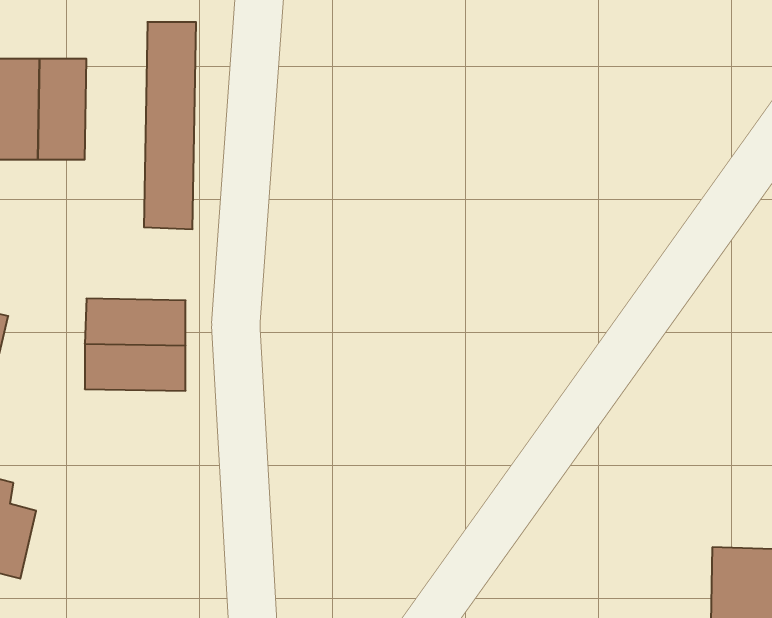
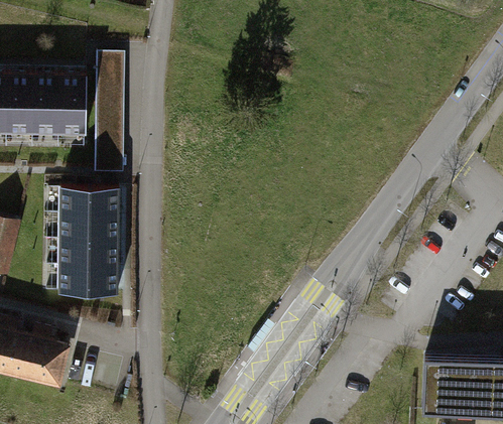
building: none -> [59,75,87,134]
building: none -> [60,187,119,215]
building: none -> [58,266,118,294]
building: none -> [22,324,67,385]

